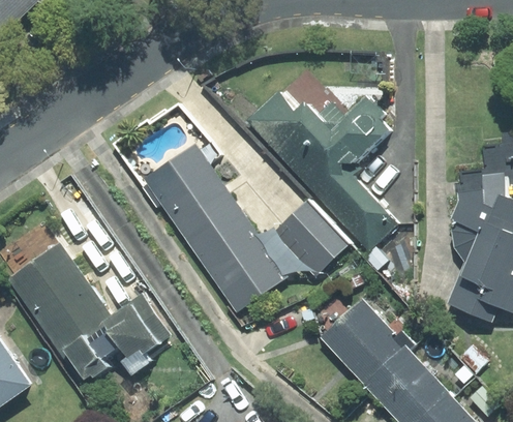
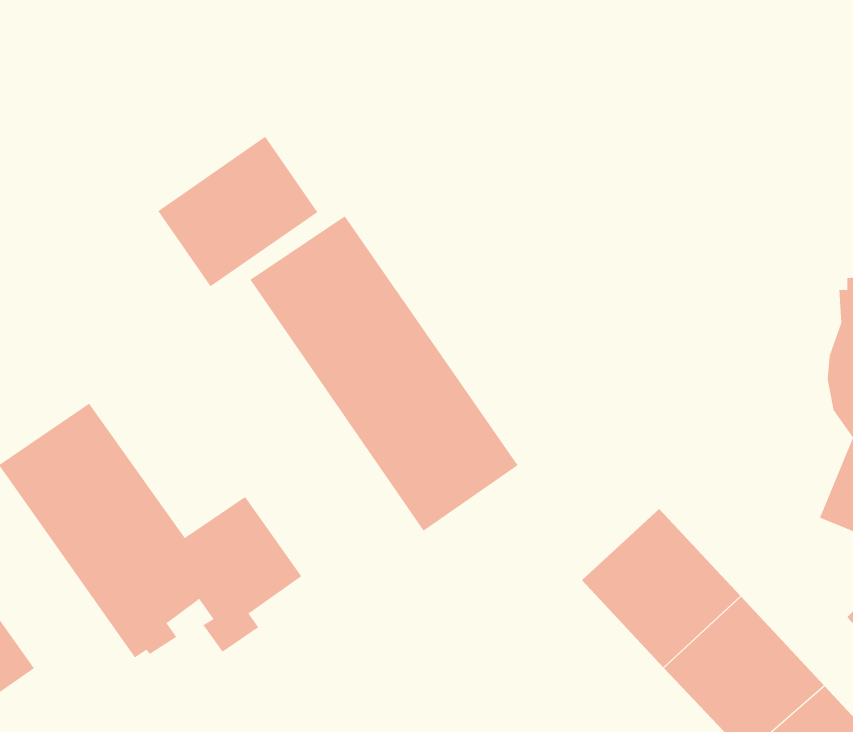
building: [246,69,398,251] -> none
building: none -> [158,136,318,287]
building: [273,201,349,276] -> none

